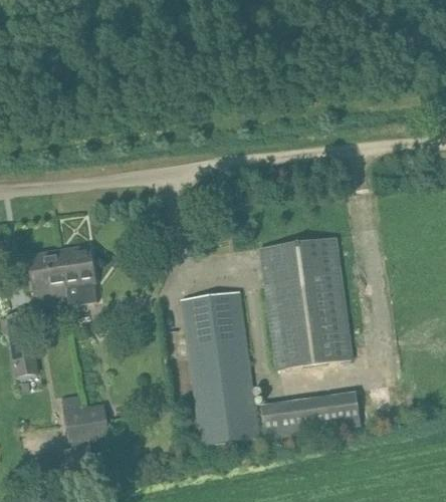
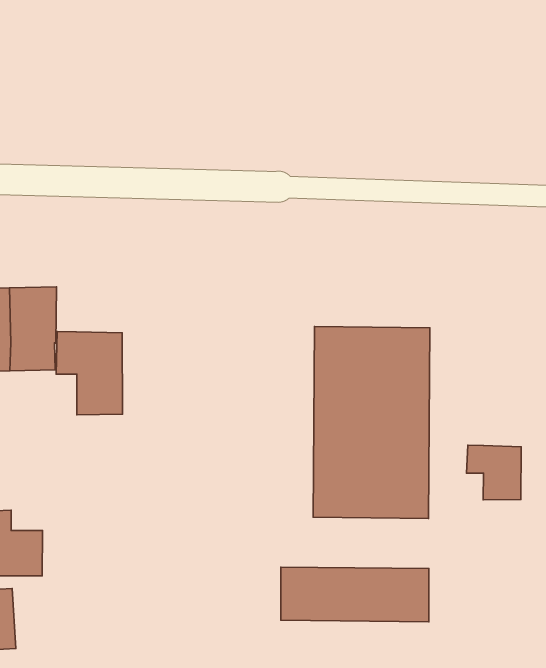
building: none -> [56,331,123,415]
building: [182,290,258,444] -> none
building: none -> [467,445,521,500]

